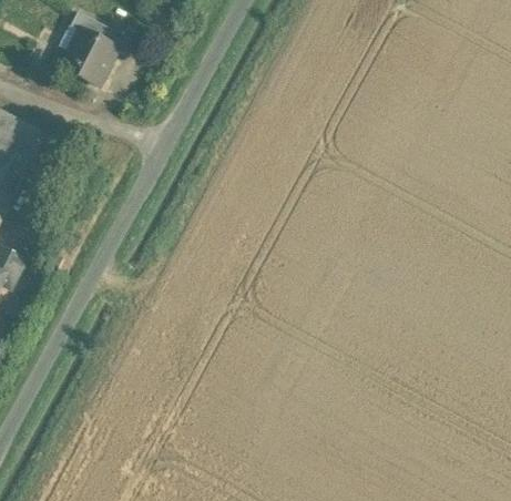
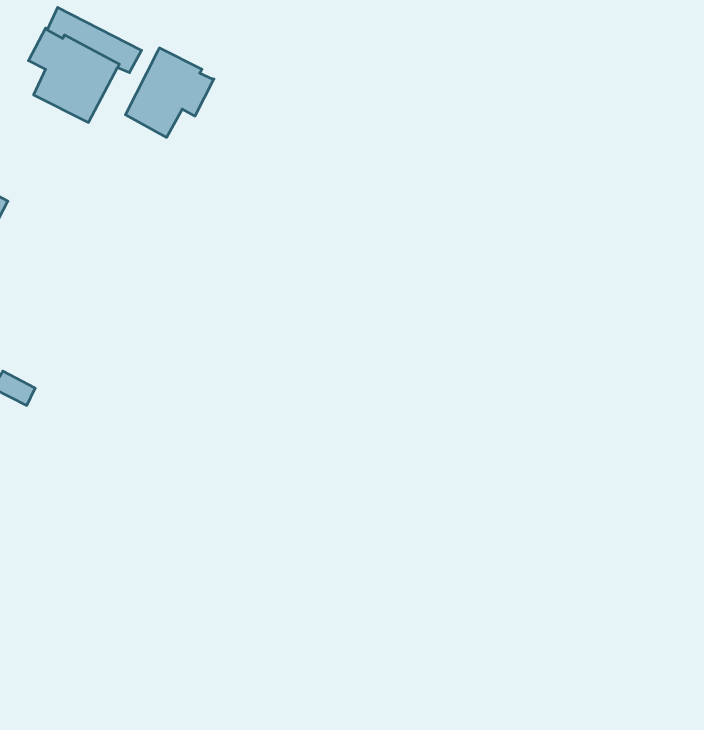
building: none -> [125,48,214,137]

